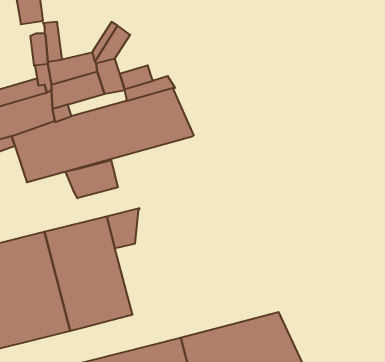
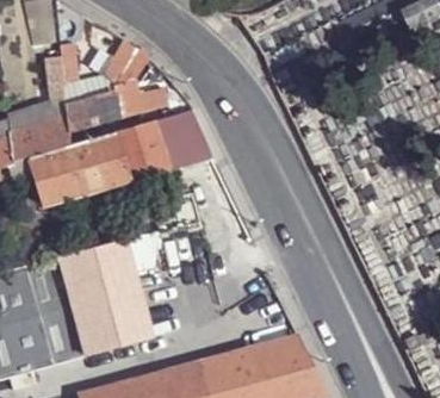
building: [65,160,118,198] -> none

